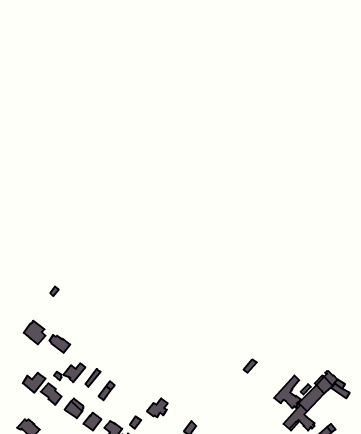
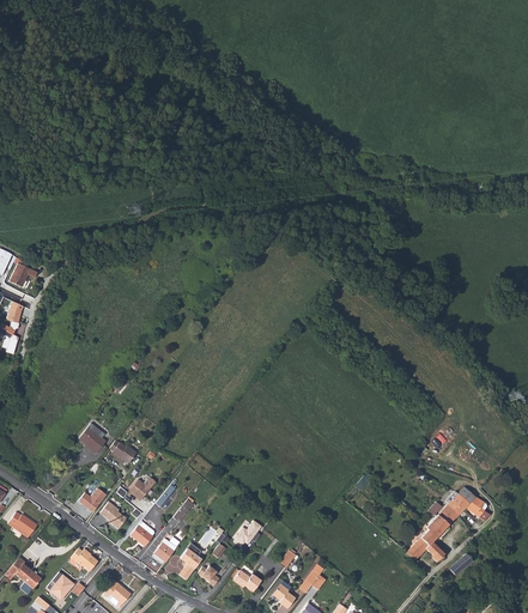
building: [274,375,301,408] -> none

